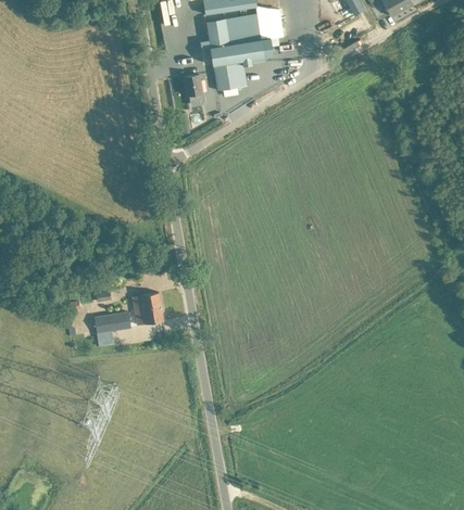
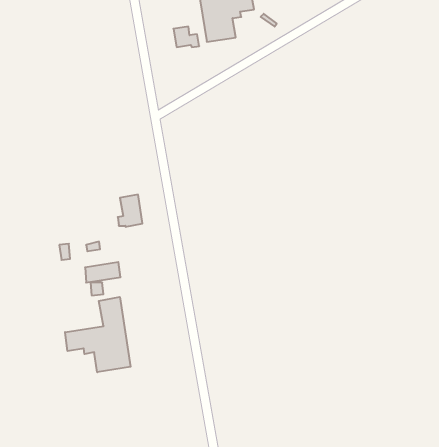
building: [138,292,163,324] -> [118,195,142,227]
building: none -> [65,297,131,372]

